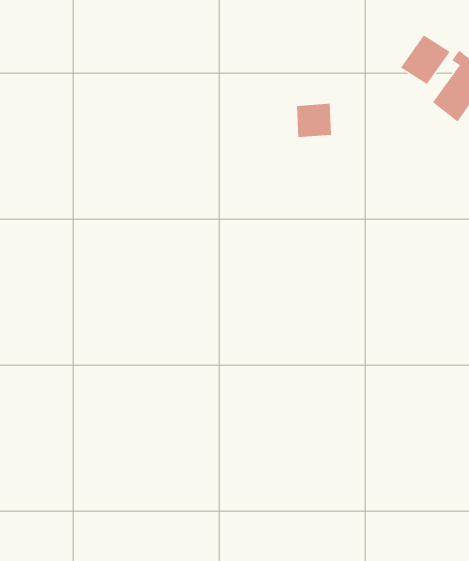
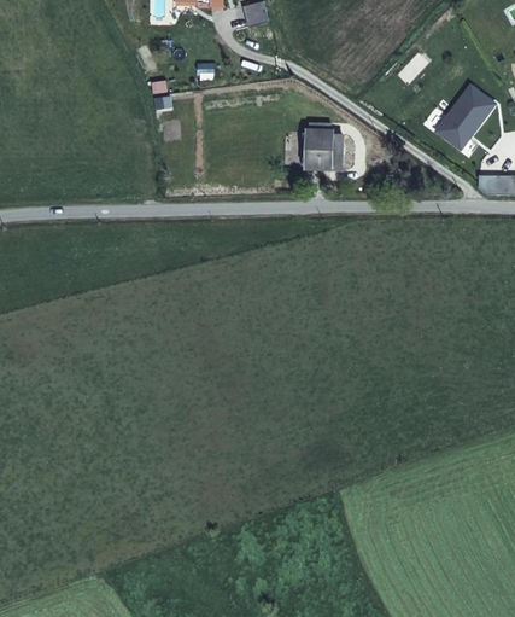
building: [400,34,450,85] -> none

